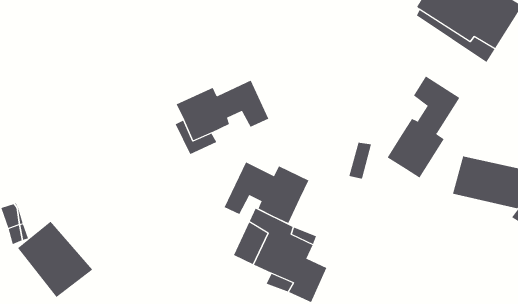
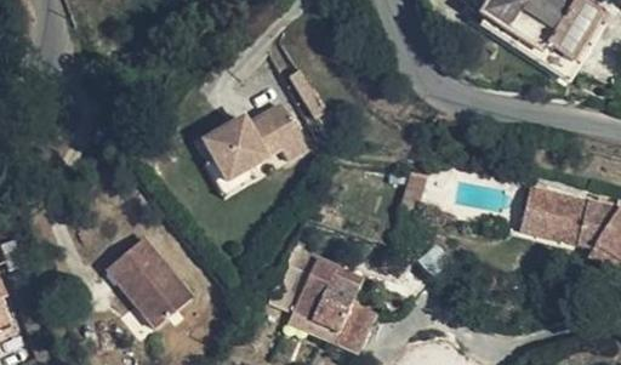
building: [387,76,460,179] -> none
building: [224,161,309,224] -> none
building: [17,221,93,298] -> [107,238,194,326]

